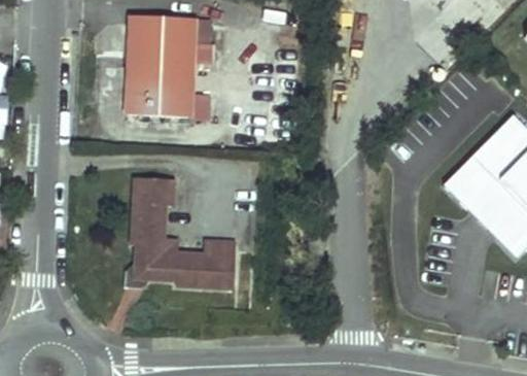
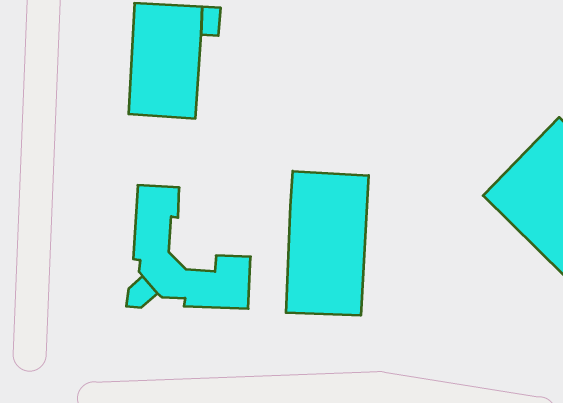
building: none -> [286,171,369,315]

